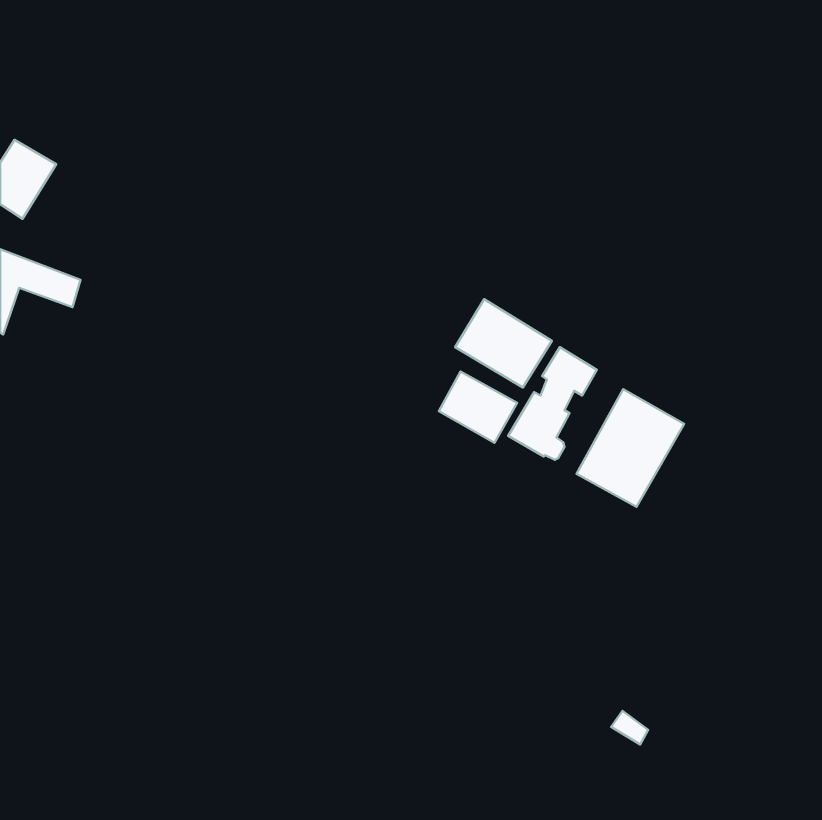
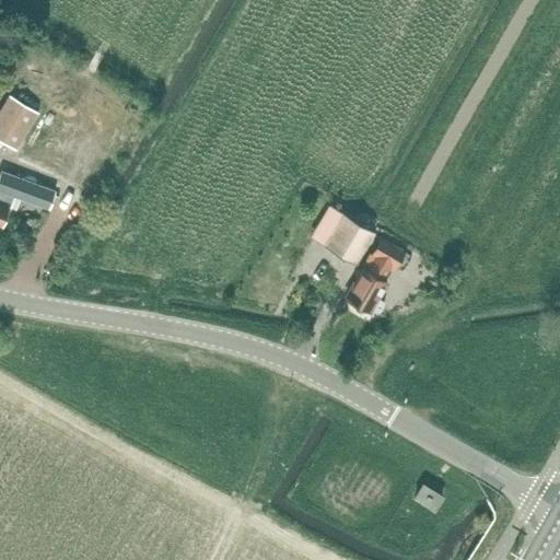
building: [439,372,517,443] -> none
building: [577,389,684,507] -> none

